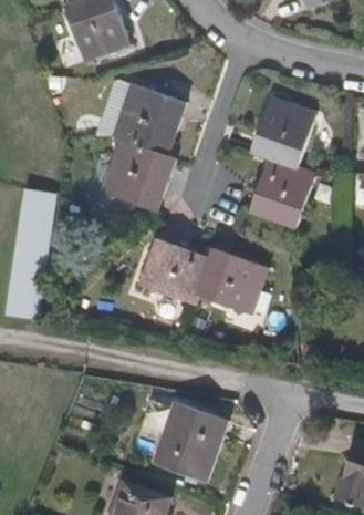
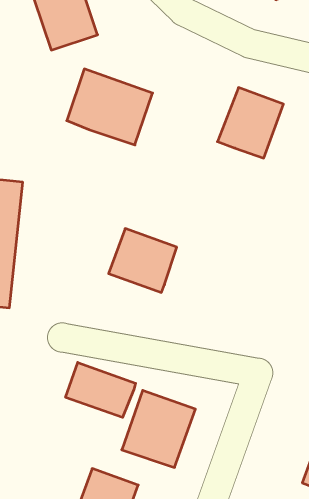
building: [103,140,174,209] -> none
building: [249,158,314,227] -> none
building: [196,248,266,313] -> none
building: none -> [66,362,136,417]

